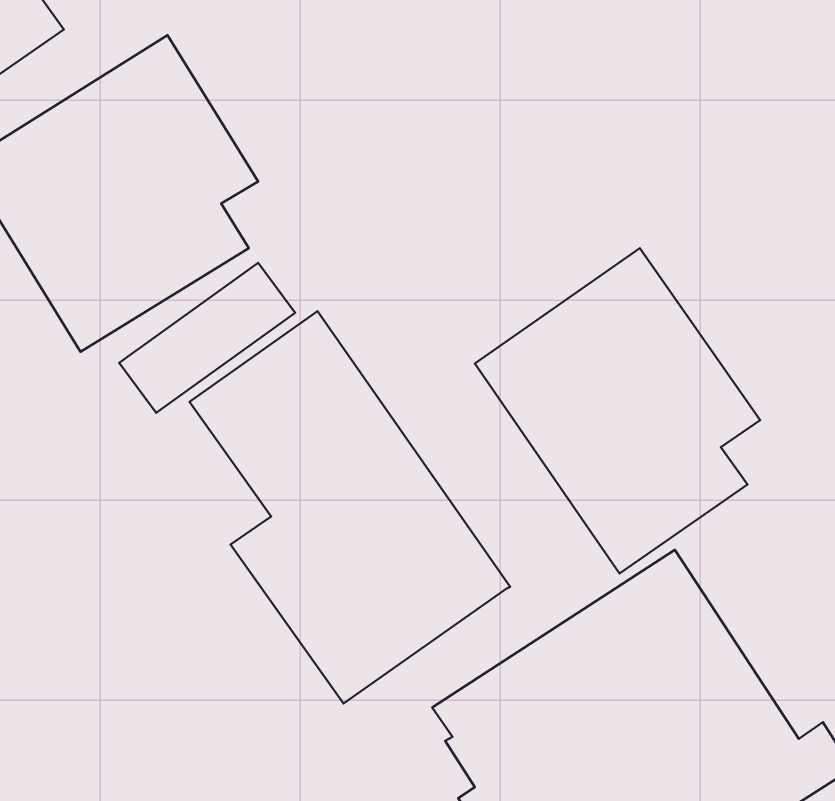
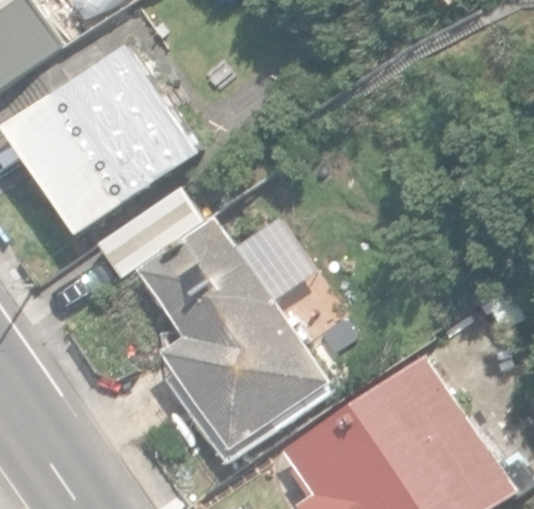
building: [475,248,760,574] -> none

